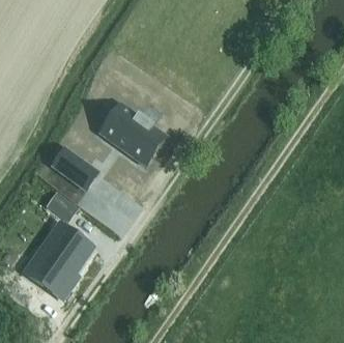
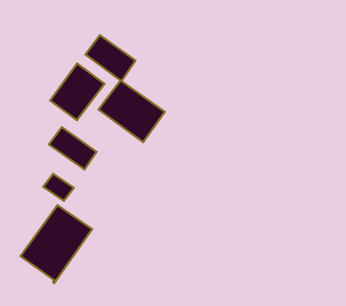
building: none -> [85,35,136,81]
building: none -> [50,64,104,120]

